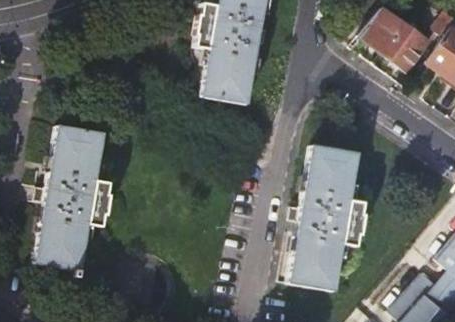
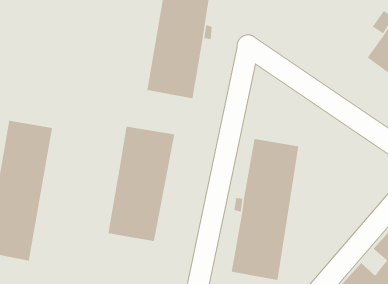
building: [359,9,429,71] -> none
building: none -> [108,126,175,242]

